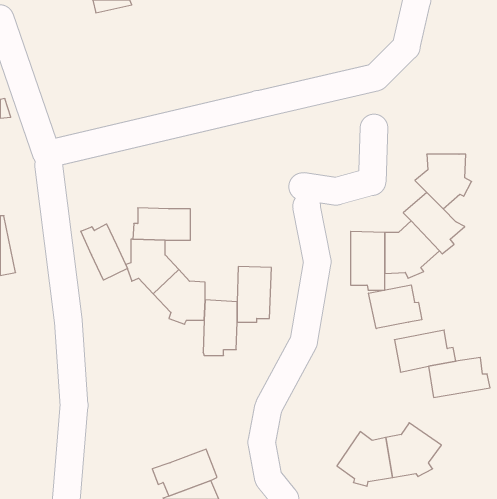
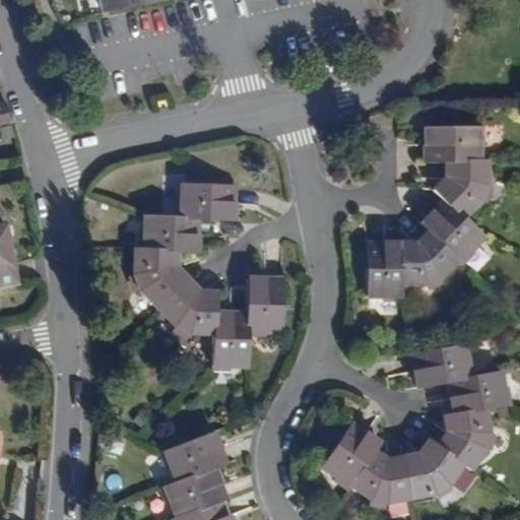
building: none -> [429,126,484,160]
building: none -> [178,183,235,218]
building: [81,224,127,280] -> none
building: [369,285,422,329] -> none
building: none -> [437,408,492,469]
building: none -> [322,424,380,491]
building: none -> [160,431,226,481]

